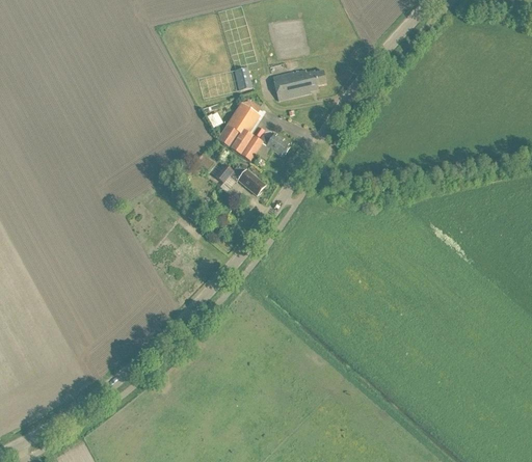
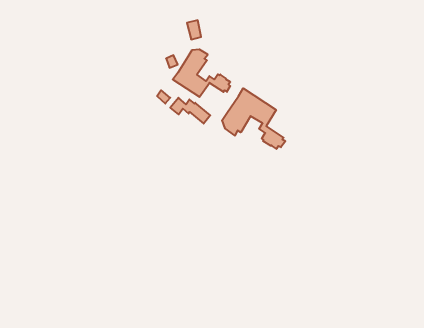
building: [271,71,323,101] -> none
building: none -> [222,88,285,149]

